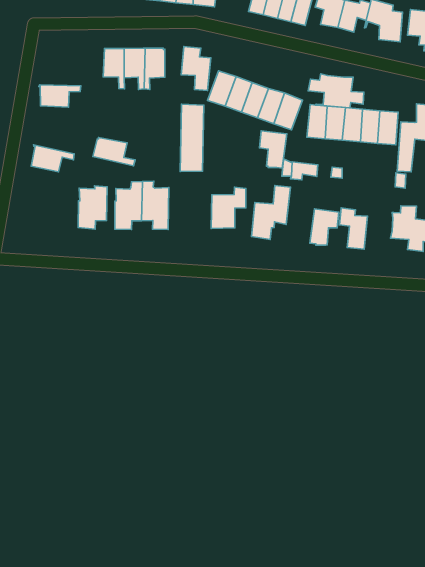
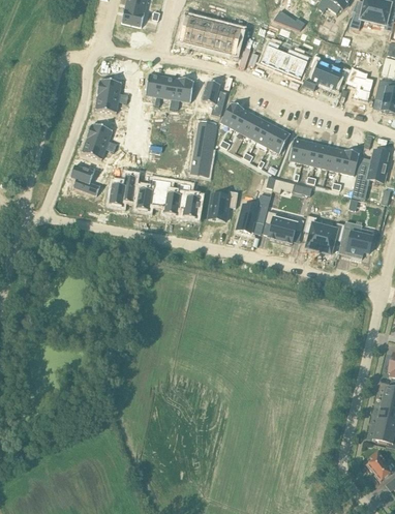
building: none -> [97,79,129,98]
building: [308,74,364,108] -> none
building: [259,131,287,168] -> [265,210,286,240]
building: [93,138,135,166] -> [86,123,117,148]
building: none -> [70,164,100,195]
building: none -> [176,183,200,217]
building: none -> [318,224,343,253]

